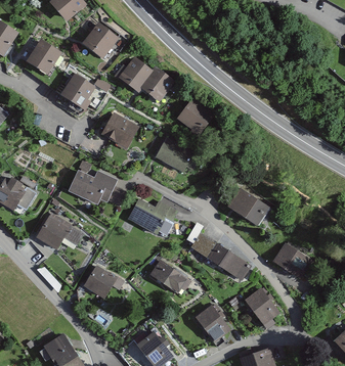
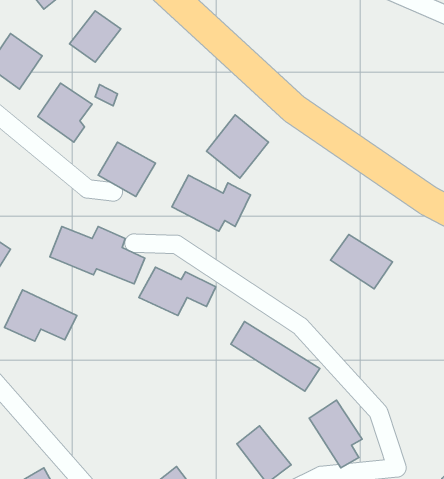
building: [119,56,177,102] -> none
building: [227,188,269,225] -> [331,235,392,289]
building: [273,243,312,279] -> none
building: [150,258,192,293] -> none
building: [84,263,125,295] -> none

